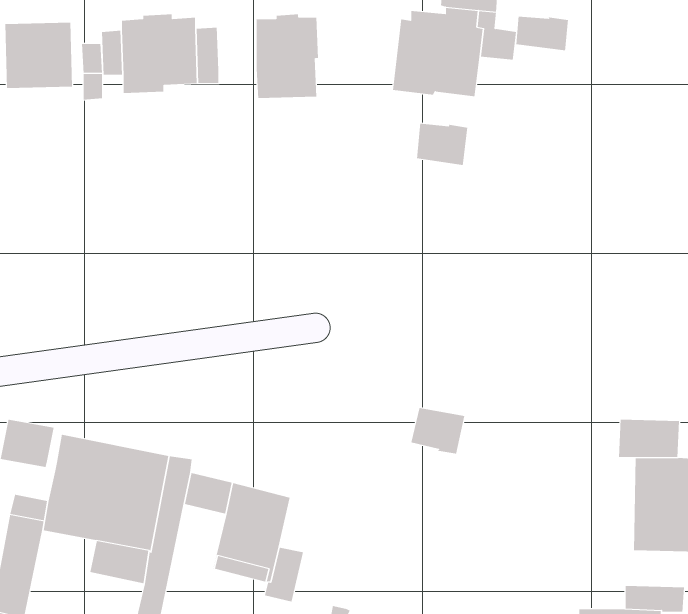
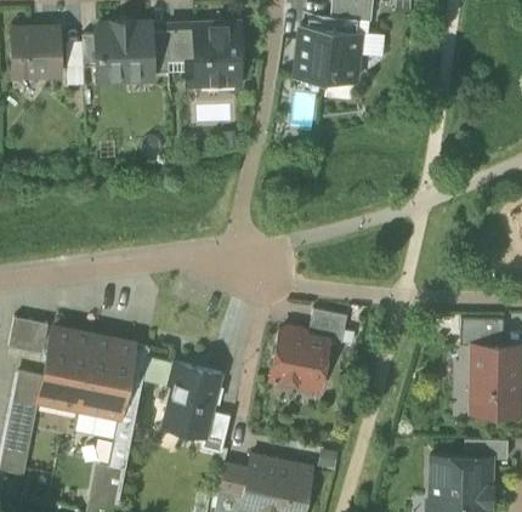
building: [516,16,569,51] -> none
building: none -> [166,25,194,63]
building: [416,123,468,166] -> none
building: none -> [271,330,328,387]

